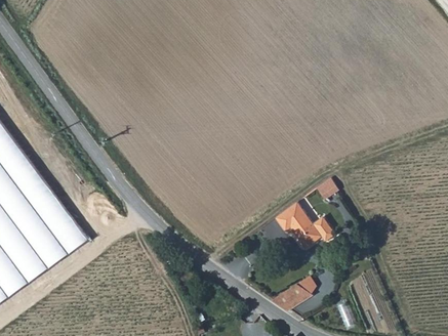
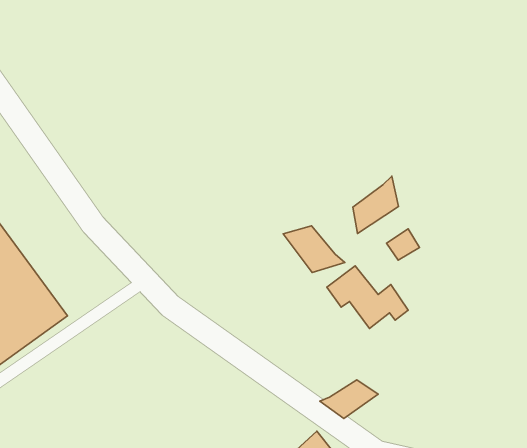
building: none -> [353,176,398,234]
building: none -> [283,226,345,273]

